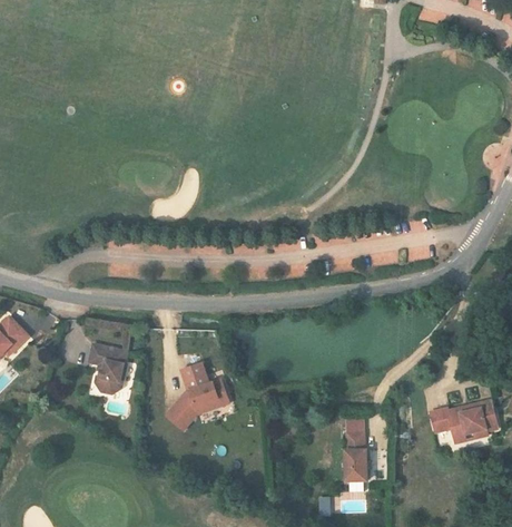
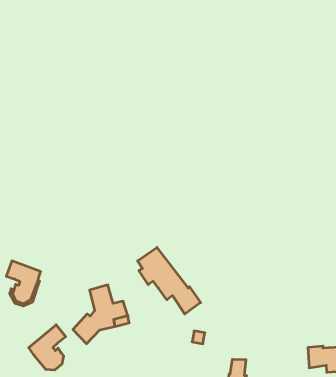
building: none -> [138,247,201,314]
building: none -> [29,325,66,370]

